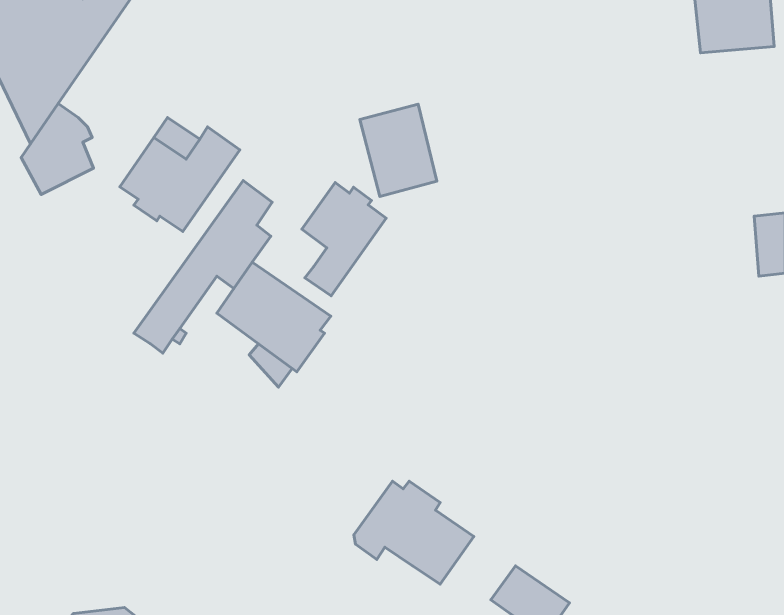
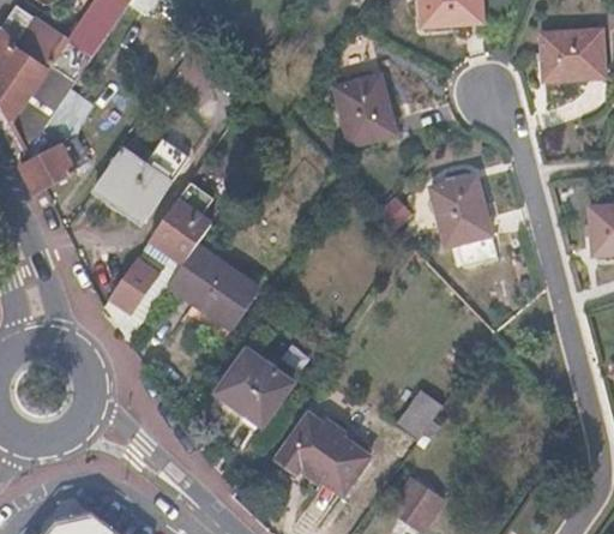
building: [360,104,437,197] -> [335,74,395,146]
building: none -> [432,175,490,246]
building: [302,183,386,296] -> none
building: none -> [205,354,291,426]
building: none -> [395,390,440,439]

